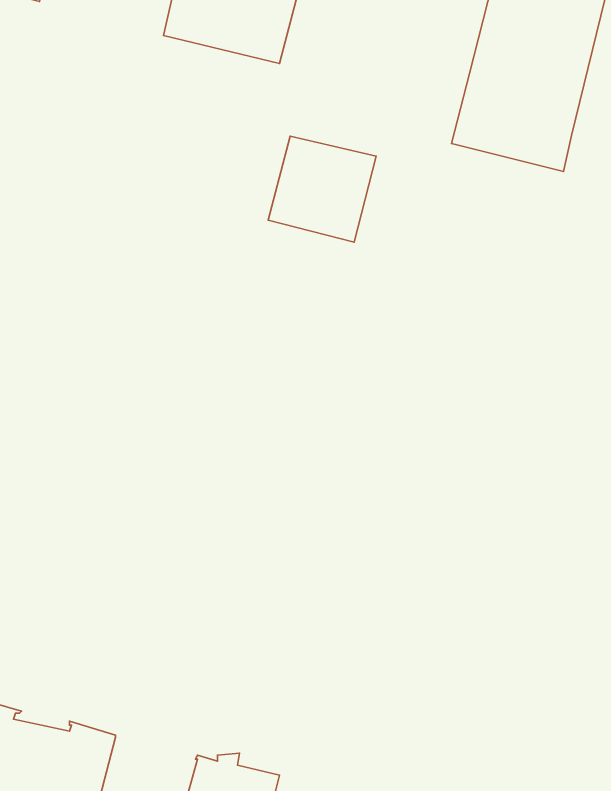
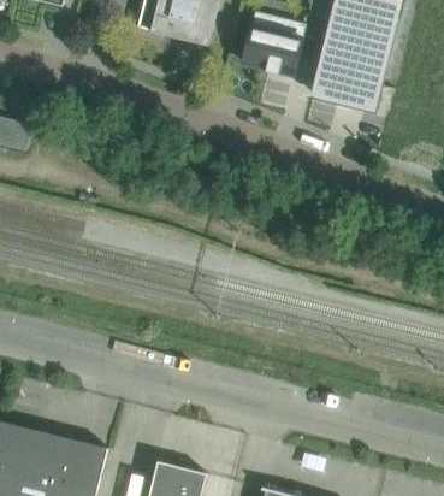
building: [268,136,376,242] -> [241,12,306,76]

